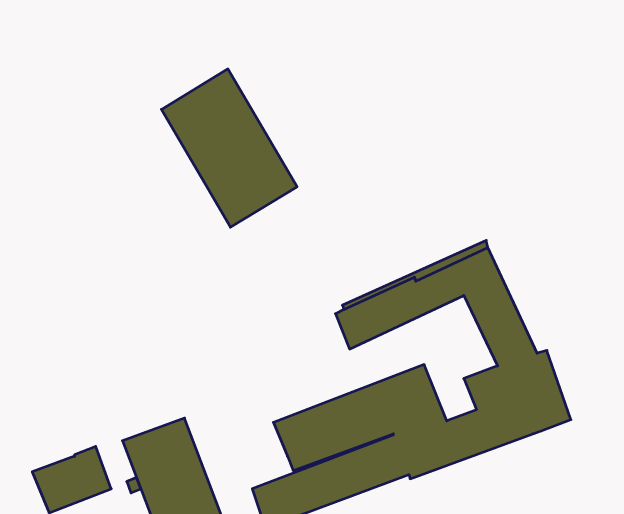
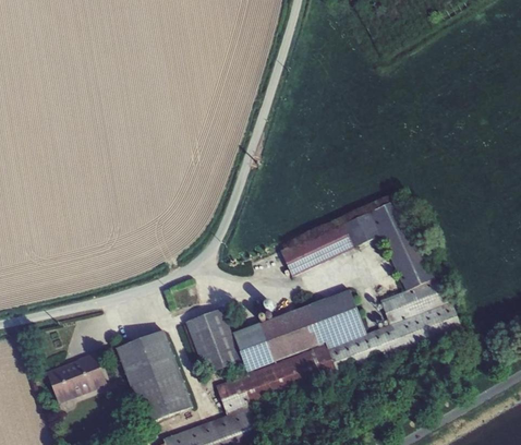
building: [161,69,297,227] -> none
building: none -> [185,306,243,372]

